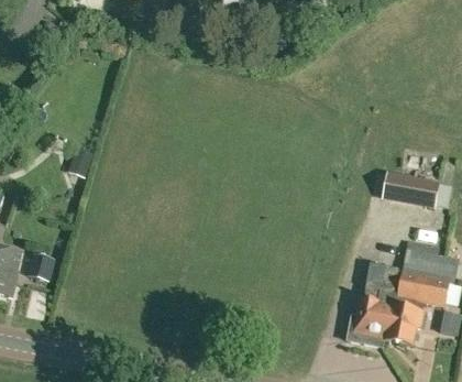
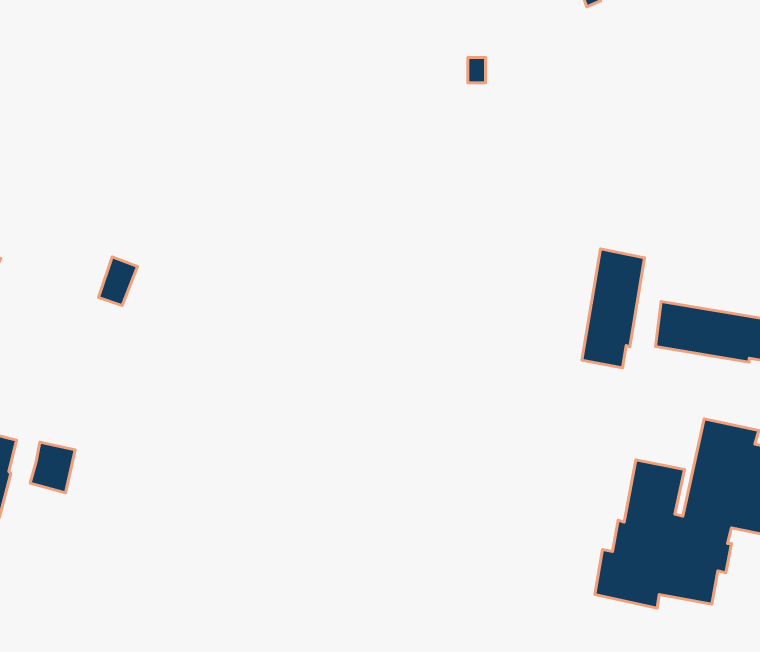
building: none -> [582,249,645,368]

